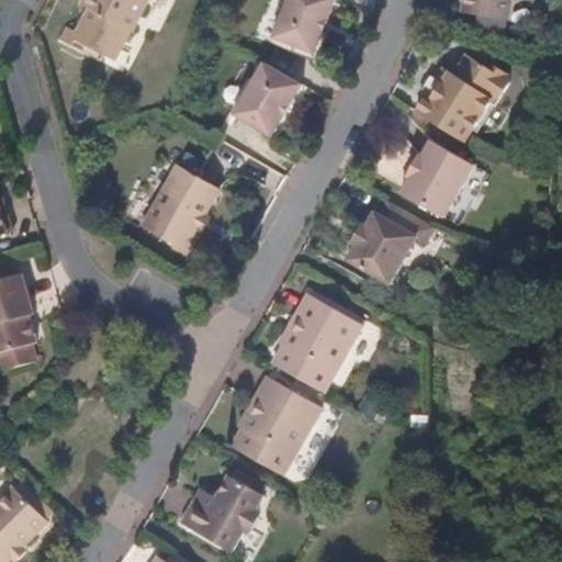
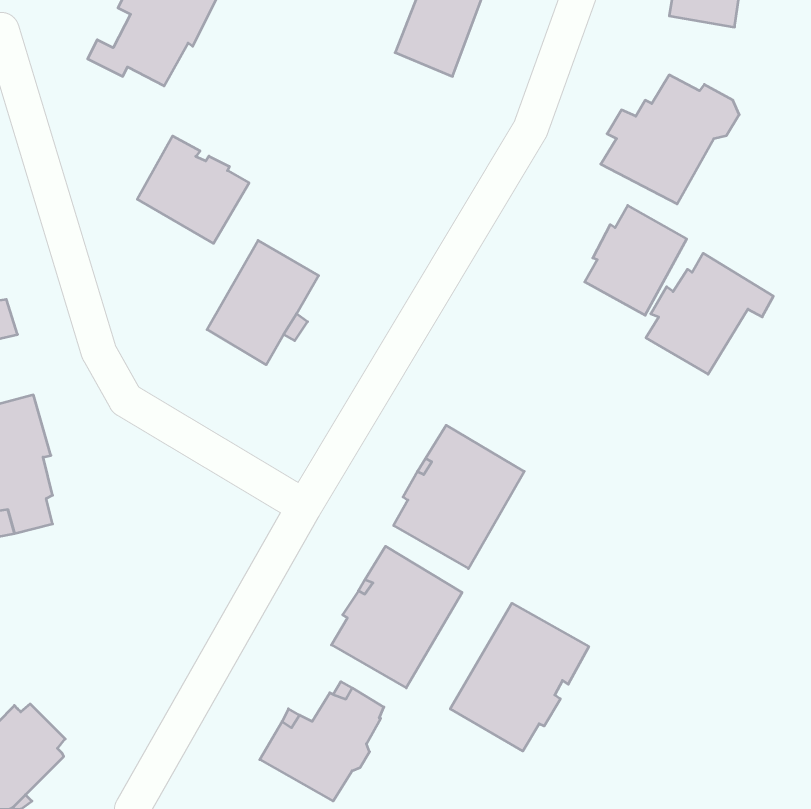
building: [233,63,299,134] -> none
building: none -> [137,136,249,243]
building: [346,201,434,284] -> [646,253,773,374]
building: none -> [450,603,589,751]

